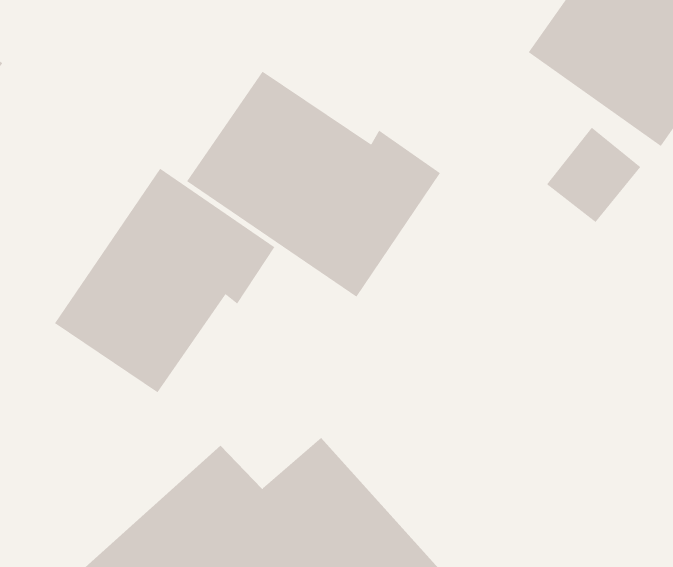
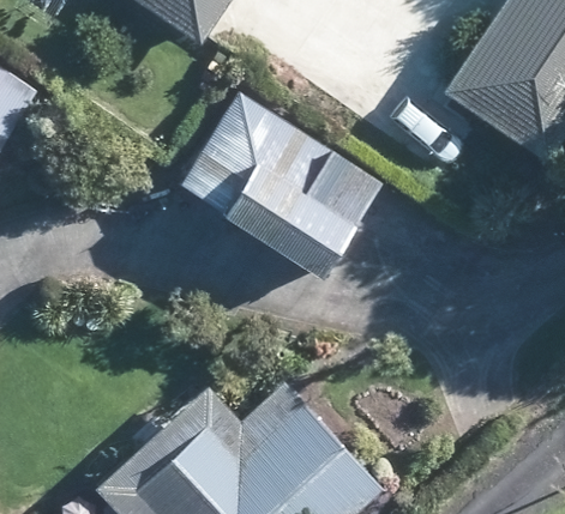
building: [54,168,275,393] -> none

